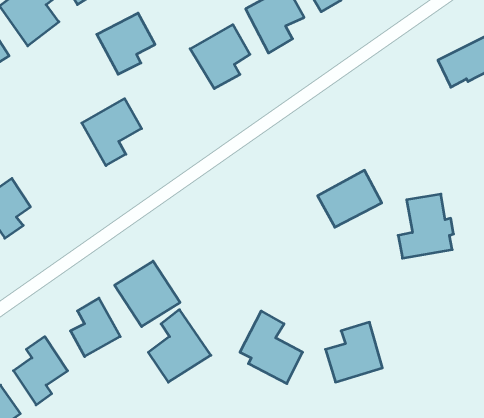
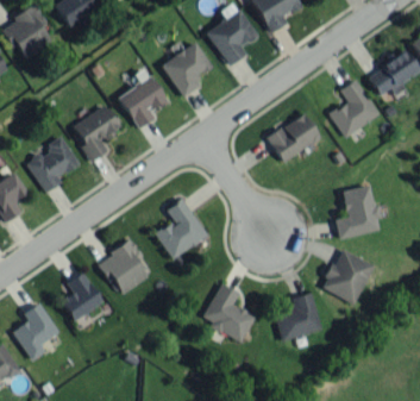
building: [97,13,155,74] -> [118,76,167,127]
building: none -> [328,79,380,138]
building: none -> [25,138,79,193]
building: [318,170,382,227] -> [267,113,320,161]
building: none -> [320,250,374,305]
building: [148,310,211,382] -> [155,198,207,258]

